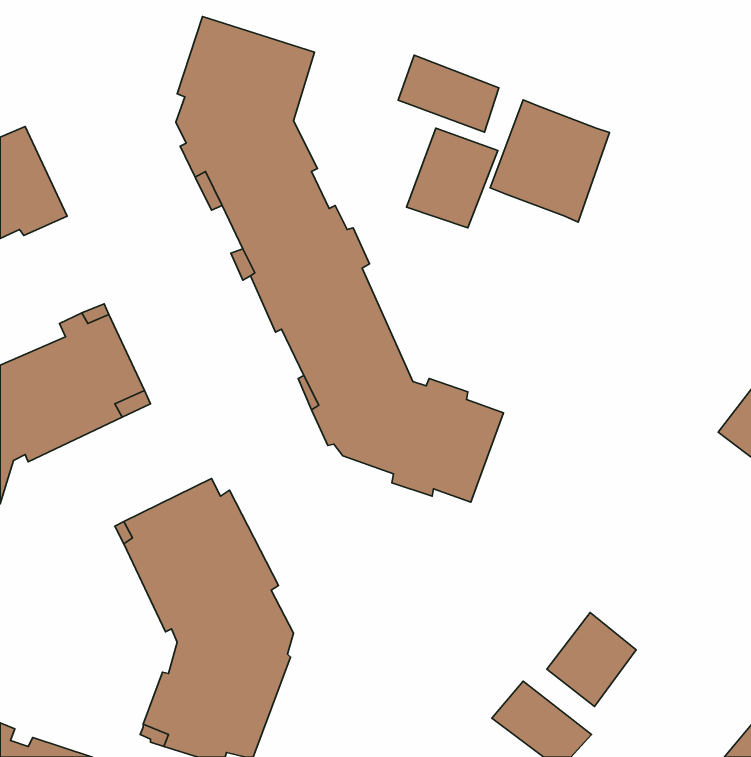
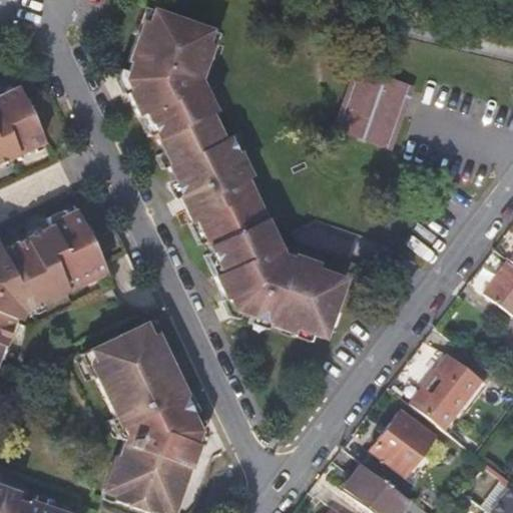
building: [398,55,499,132] -> none
building: [406,128,498,228] -> none
building: none -> [412,354,483,429]

